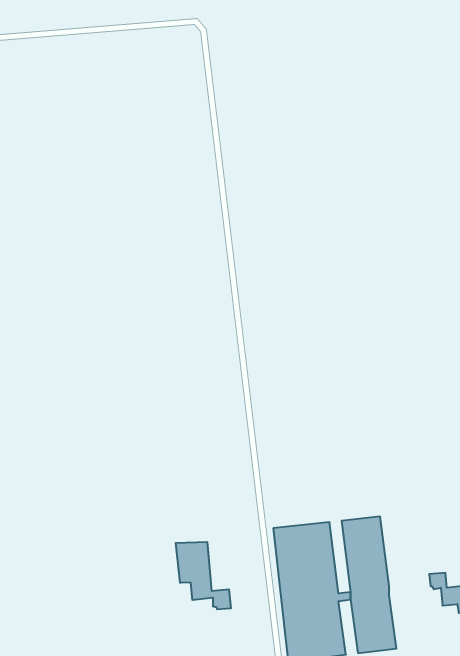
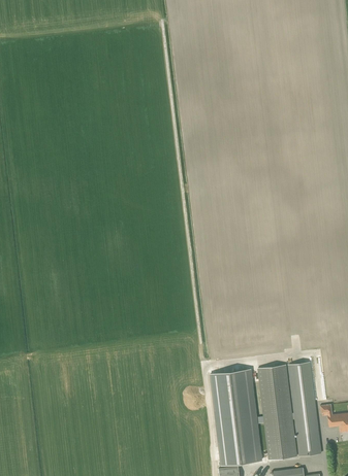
building: none -> [289,362,321,455]
building: [176,542,231,609] -> none

